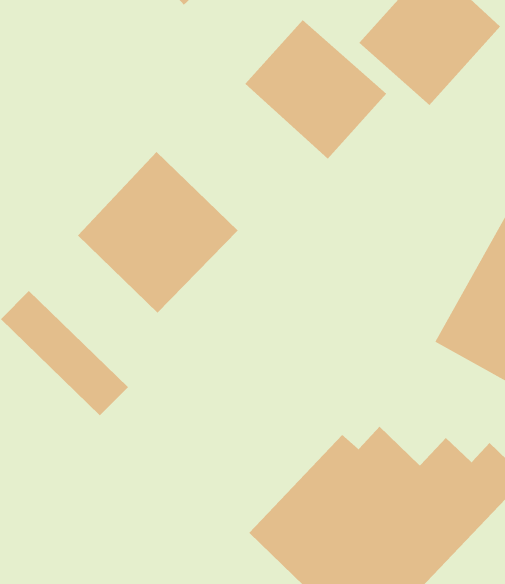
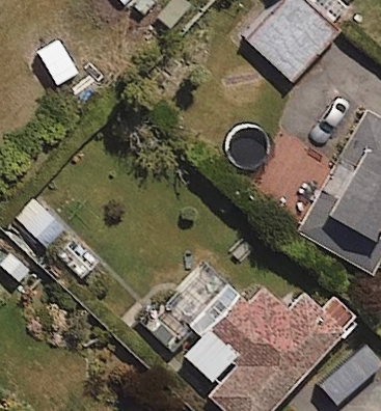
building: [245,19,387,160] -> none
building: [77,151,239,313] -> none

